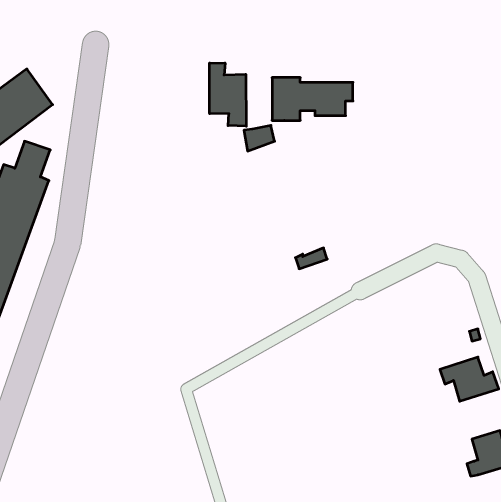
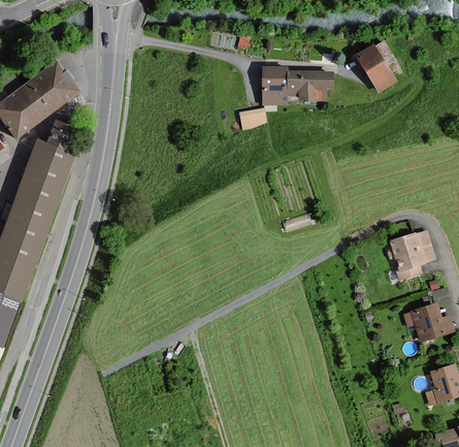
building: none -> [355,44,395,92]
building: [210,63,246,126] -> none
building: none -> [386,232,433,280]

